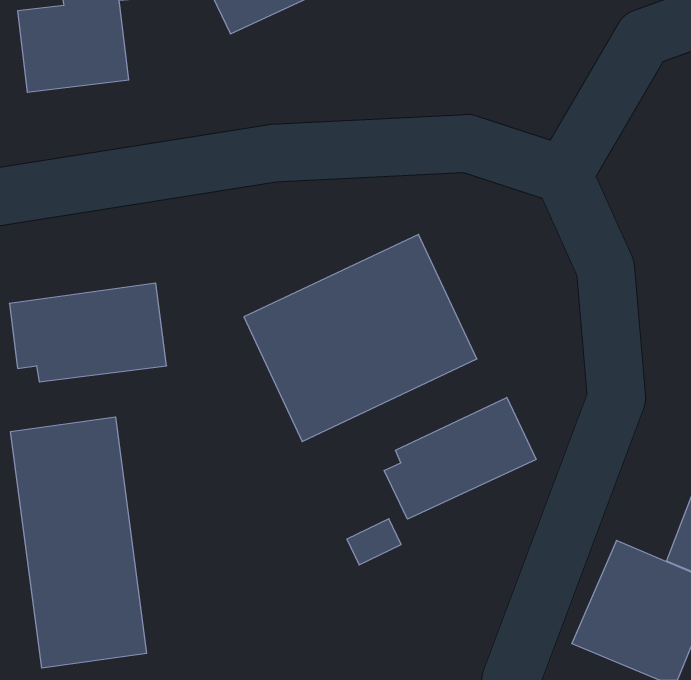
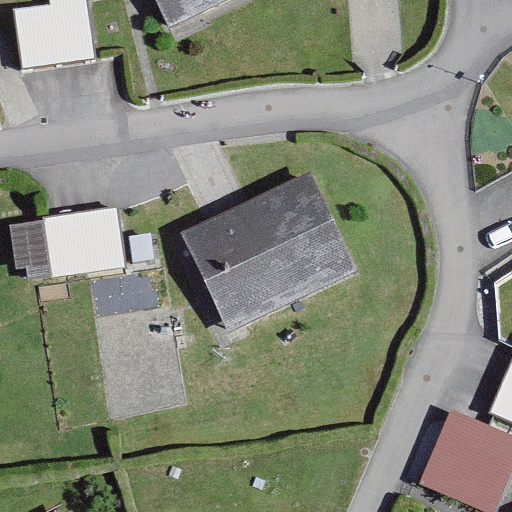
building: [384,397,536,519] -> none
building: [11,417,147,668] -> none

